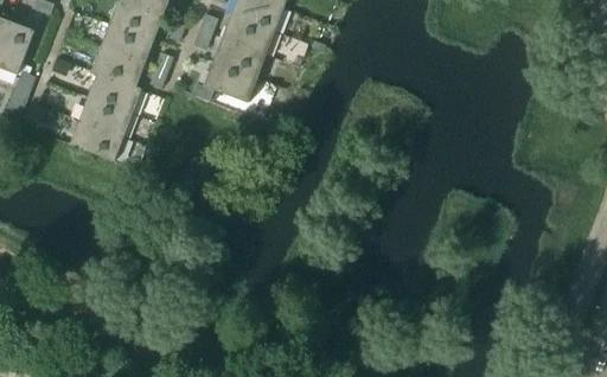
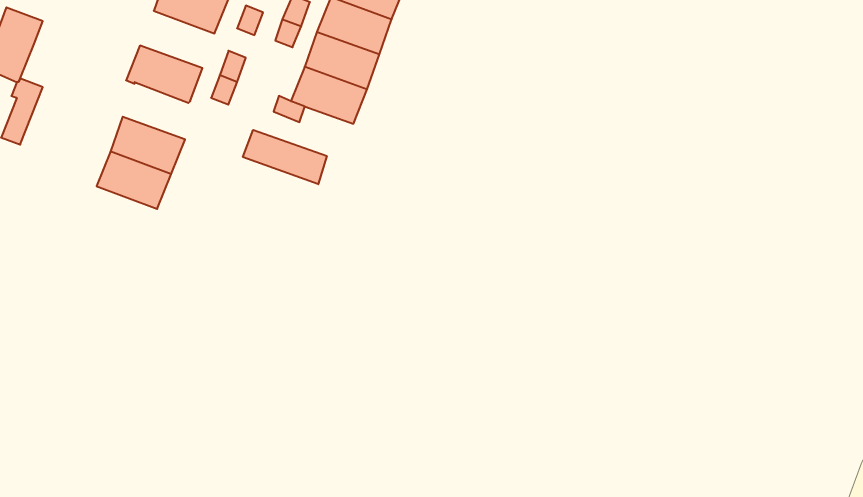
building: [101,25,152,64] -> none
building: [89,74,140,113] -> none
building: none -> [243,130,327,184]

